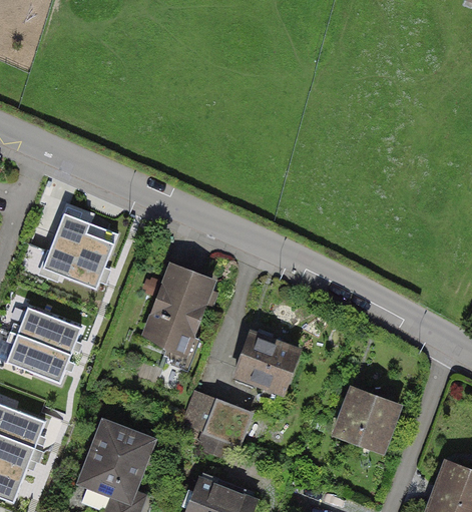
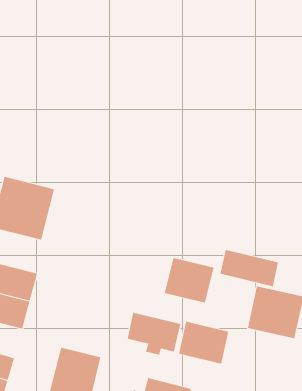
building: [141,268,216,358] -> none
building: none -> [220,249,279,287]
building: none -> [178,321,229,364]

